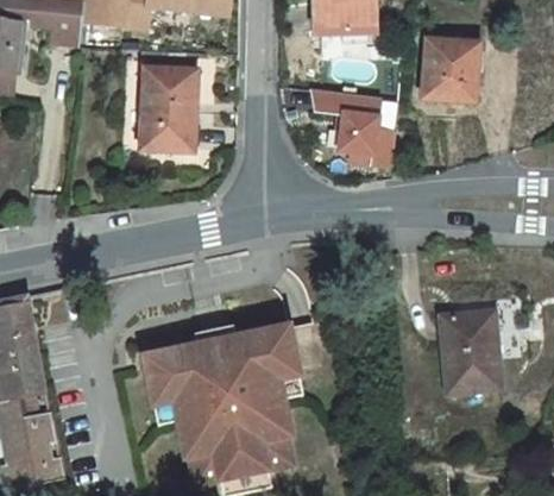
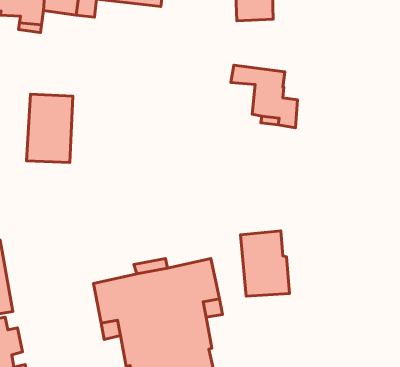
building: [422,37,480,101] -> none
building: [139,67,196,151] -> [27,94,73,163]
building: [440,310,501,391] -> [240,231,289,296]

